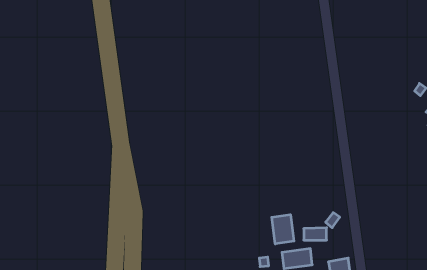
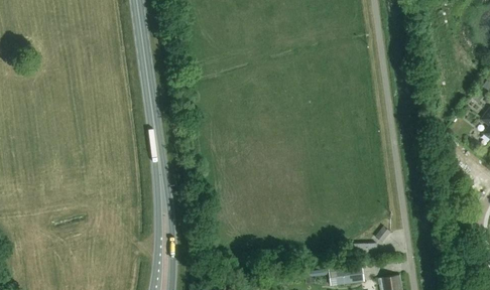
building: [272,215,294,244] -> none

